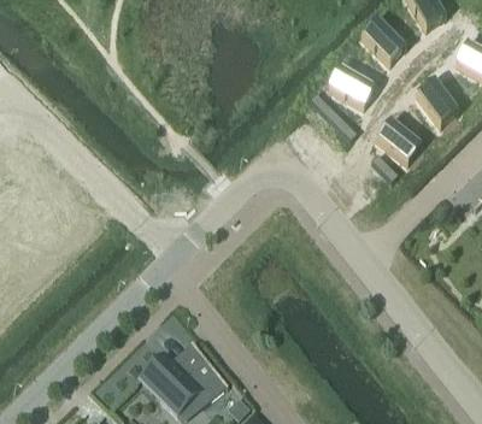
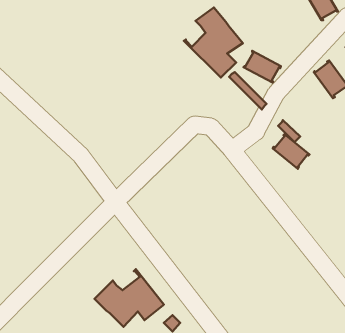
building: none -> [184,7,243,78]
building: [359,19,405,65] -> none
building: [375,120,421,164] -> [273,134,310,169]

